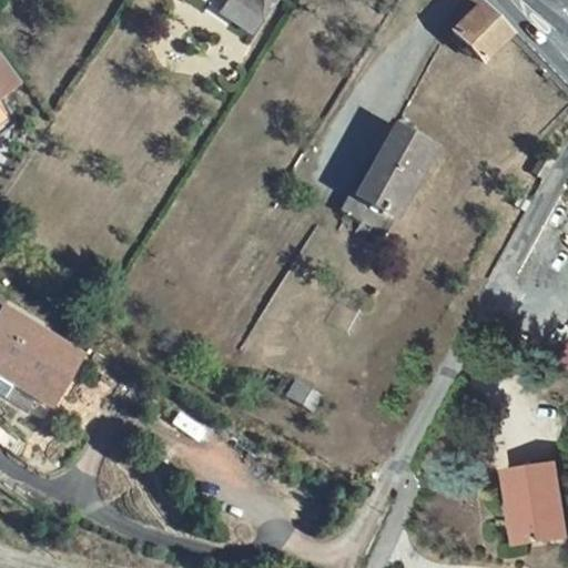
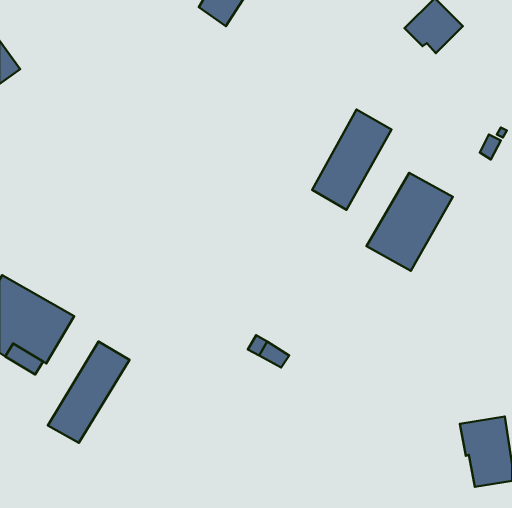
building: none -> [367,173,453,271]
building: none -> [48,341,130,443]

